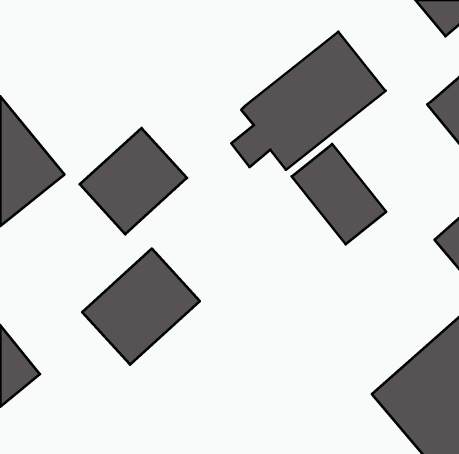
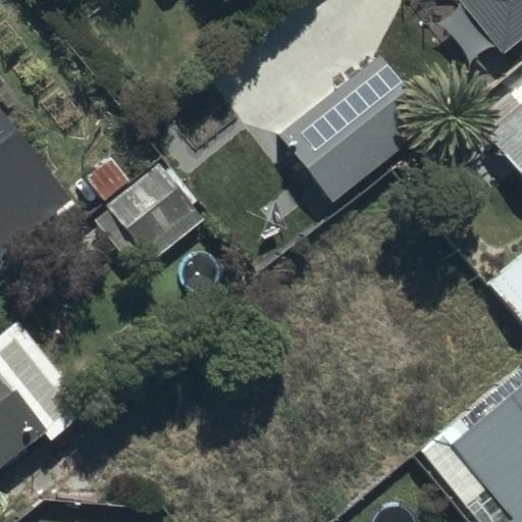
building: [292,144,386,244] -> none
building: [82,249,200,365] -> none

